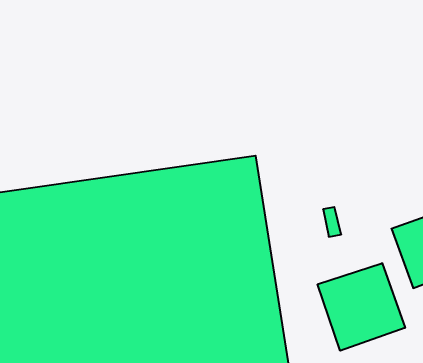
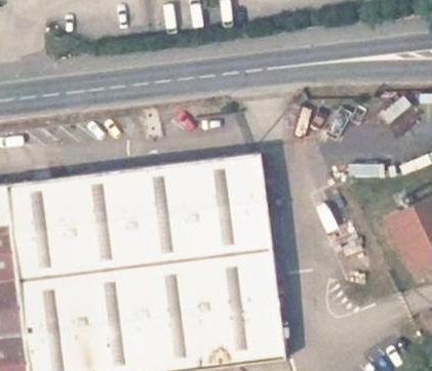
building: [318,263,405,351] -> none

